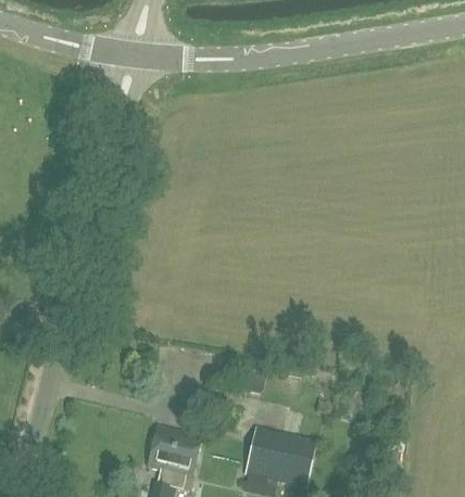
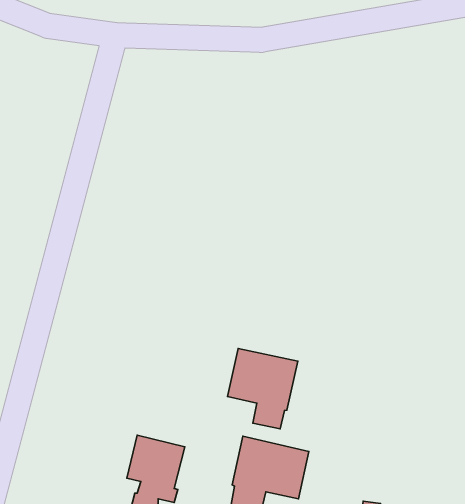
building: none -> [228,349,298,429]

